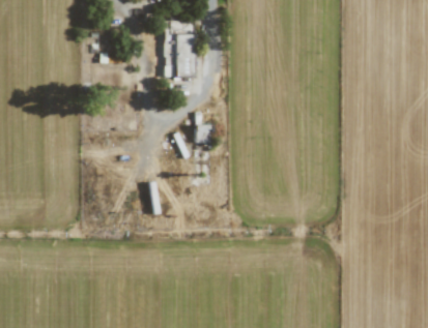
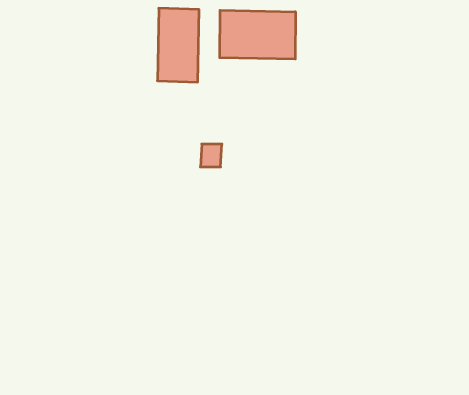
building: none -> [220,10,295,59]

